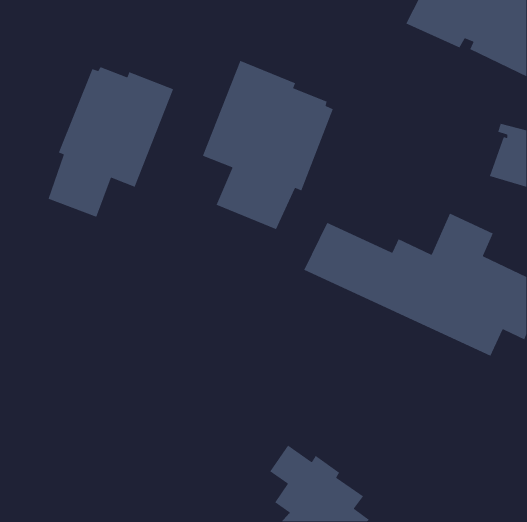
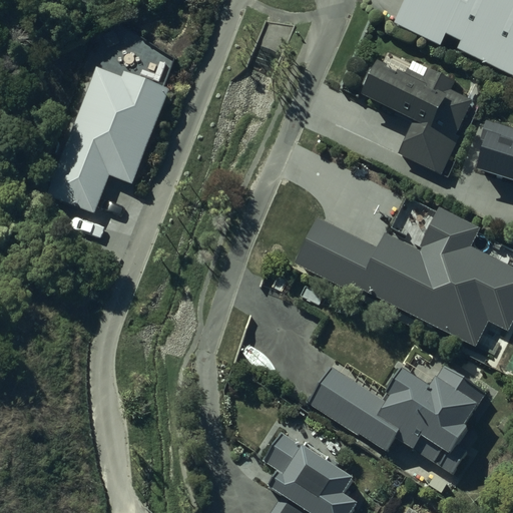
building: none -> [360,57,478,175]
building: [202,60,334,230] -> none
building: none -> [308,356,488,473]

